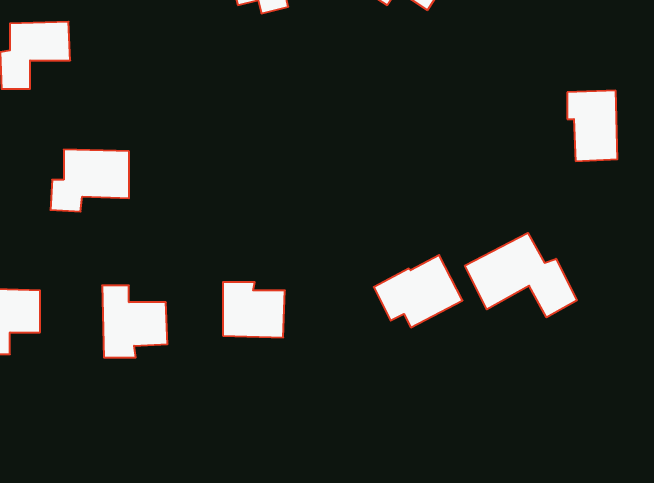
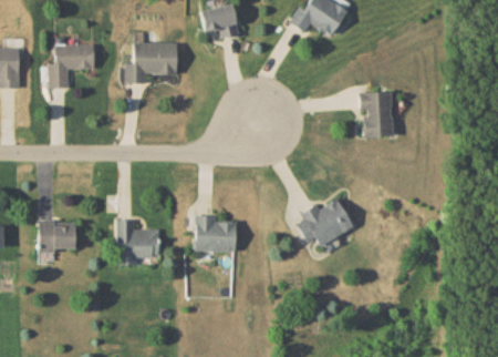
building: [567,91,617,161] -> [360,92,393,139]
building: [50,150,129,212] -> [125,43,177,84]
building: [465,233,577,317] -> none

